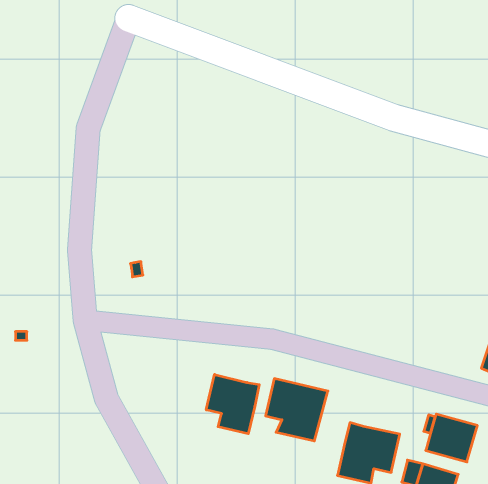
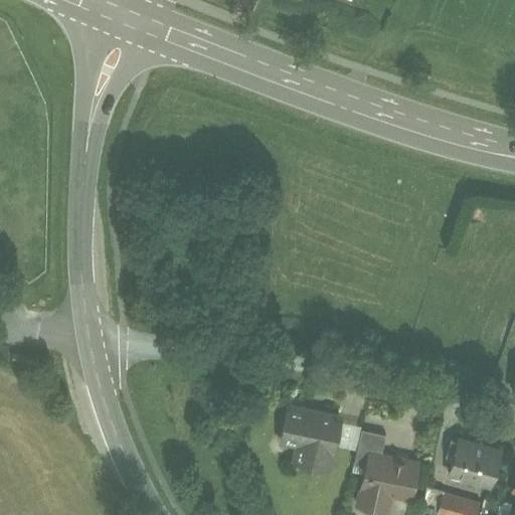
building: [206,374,259,434] -> none
building: none -> [354,431,387,474]

